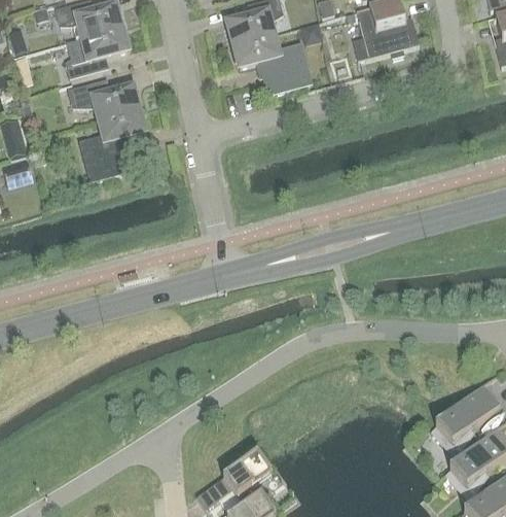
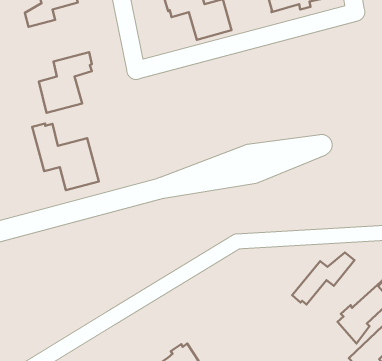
building: [67,79,141,118] -> none
building: none -> [32,124,99,190]
building: none -> [292,252,355,304]

